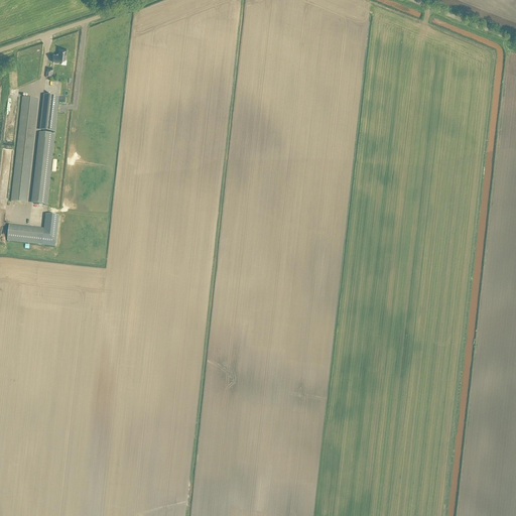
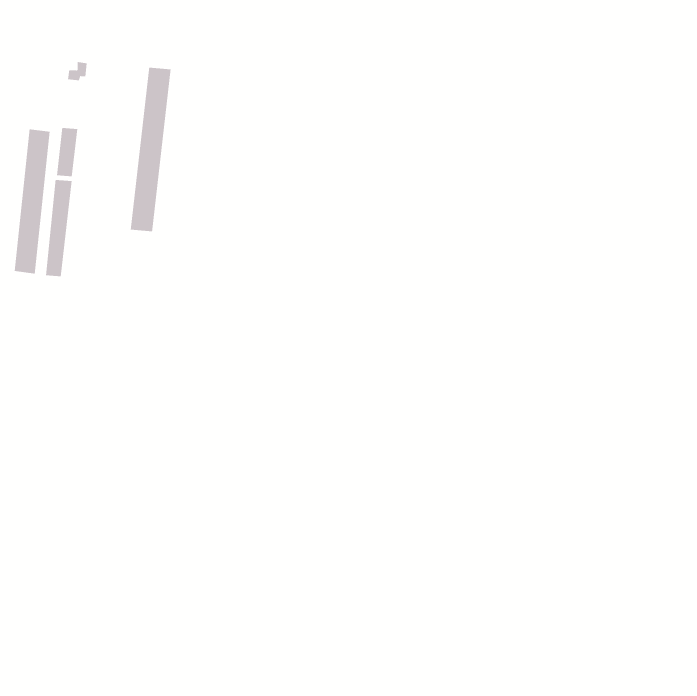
building: none -> [130,67,171,232]
building: [5,213,57,245] -> none

